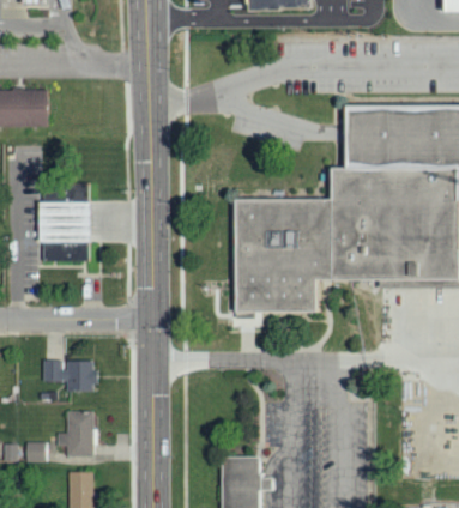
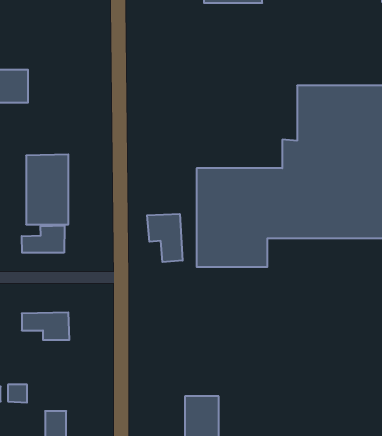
building: none -> [147,214,183,262]
building: none -> [22,226,64,253]
building: [53,411,91,456] -> none

